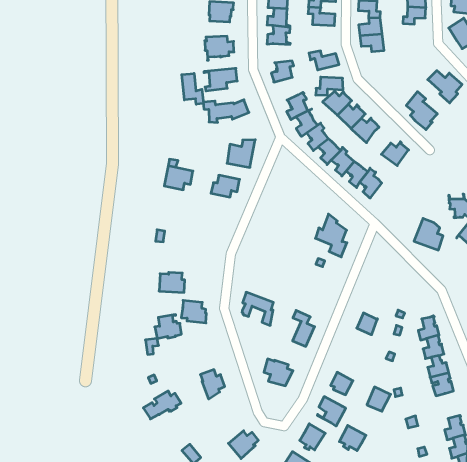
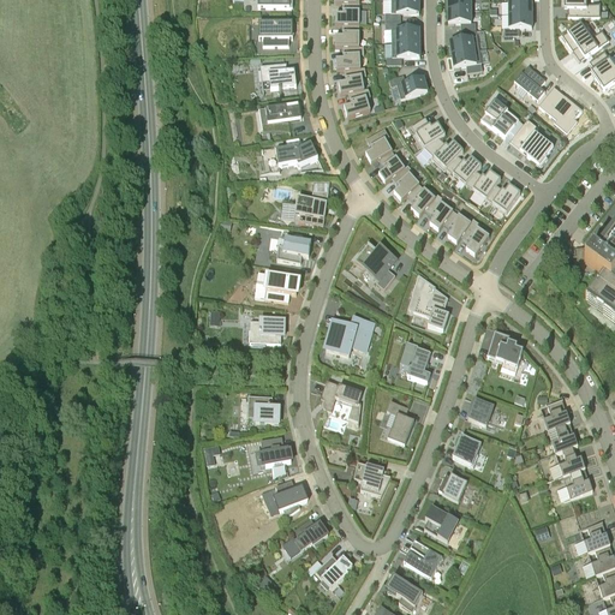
building: none -> [339,67,369,92]
building: none -> [513,66,544,100]
building: [182,73,203,104] -> none
building: none -> [480,97,519,137]
building: [316,77,343,95] -> [387,41,420,64]
building: none -> [467,168,501,198]
building: [164,166,193,190] -> [264,271,299,300]
building: none -> [354,240,395,287]
building: [414,218,443,250] -> [486,327,523,365]
building: none -> [326,315,374,354]
building: none -> [400,341,430,381]
building: [159,272,185,292] -> [250,317,281,341]
building: [155,315,181,339] -> [257,435,291,466]
building: [367,387,391,411] -> [453,434,482,464]
building: [143,391,181,419] -> [281,518,328,554]
building: [339,425,366,451] -> none

